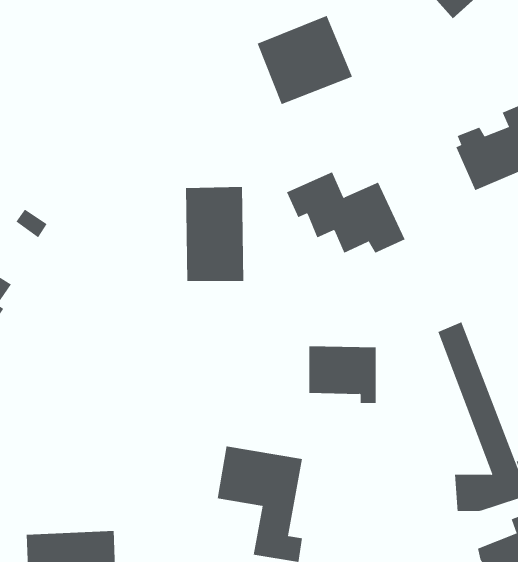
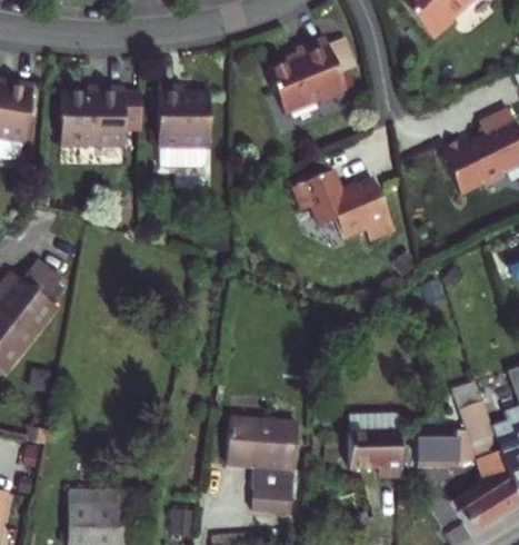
building: none -> [60,85,139,148]
building: [185,186,244,281] -> [158,85,209,167]
building: [308,346,376,403] -> [342,417,401,467]

